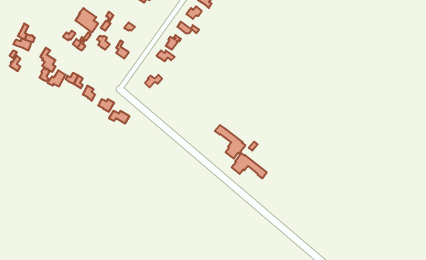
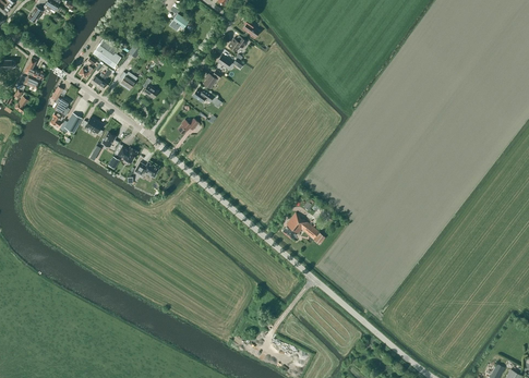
building: [215,125,245,159] -> none

